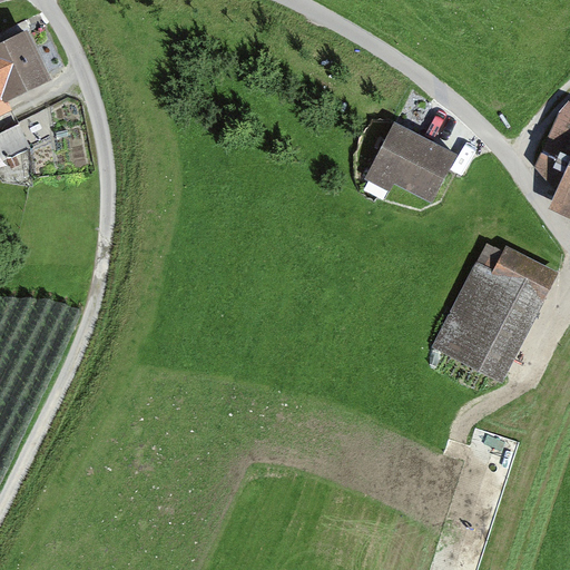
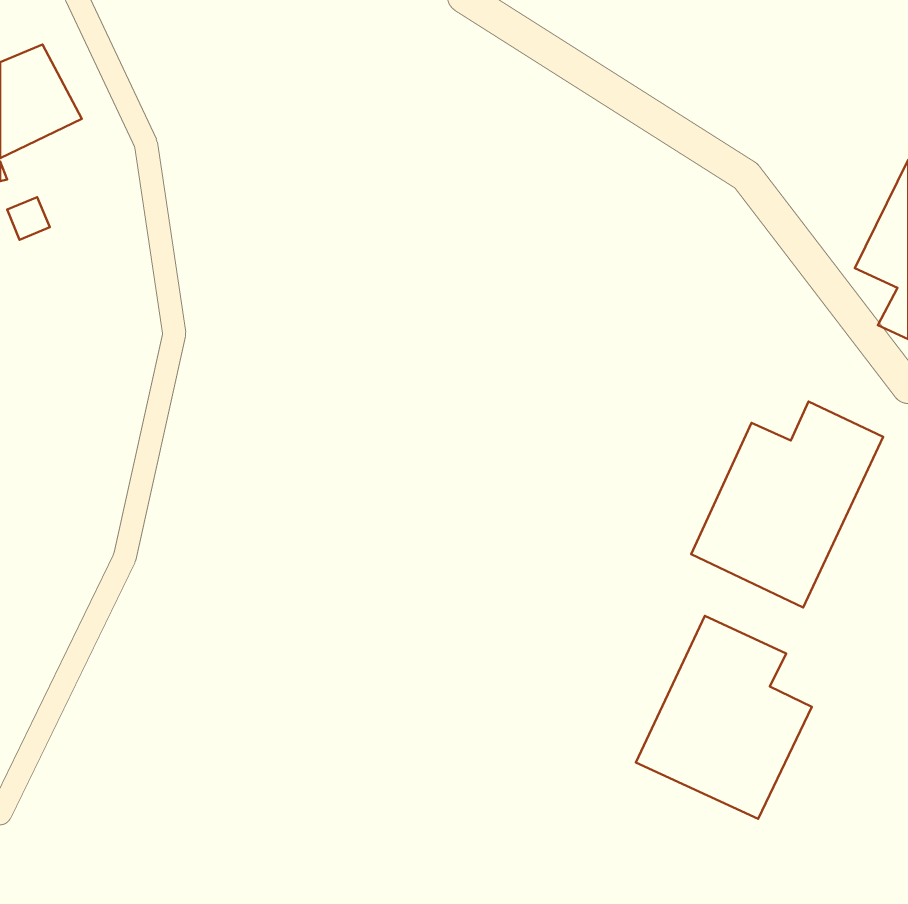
building: [370,124,458,207] -> none
building: none -> [636,616,812,819]

